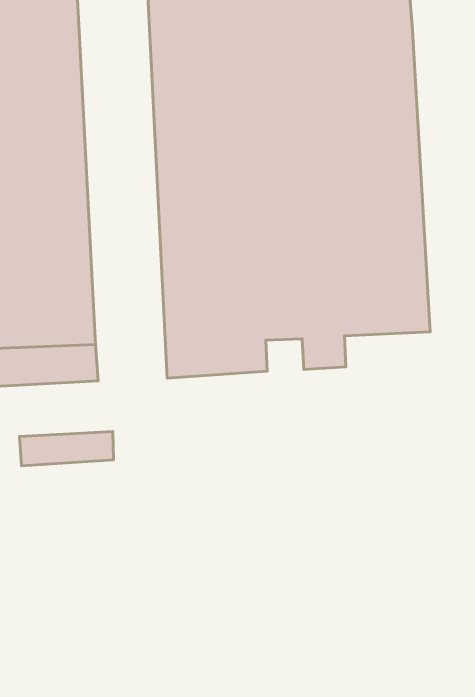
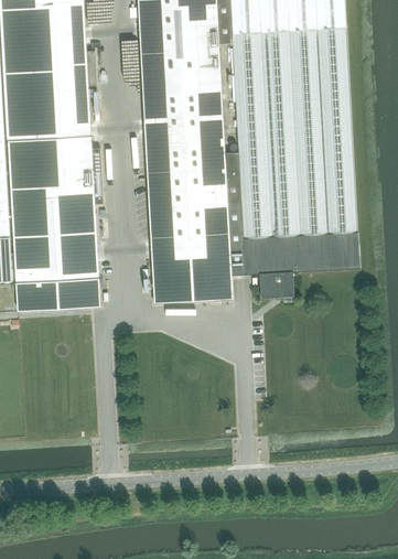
building: [19,432,114,466] -> none

